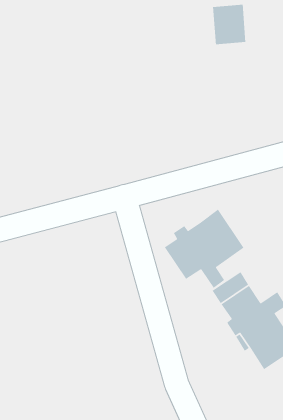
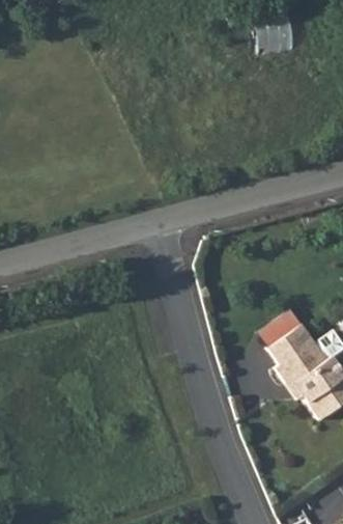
building: [164,209,245,289] -> none

